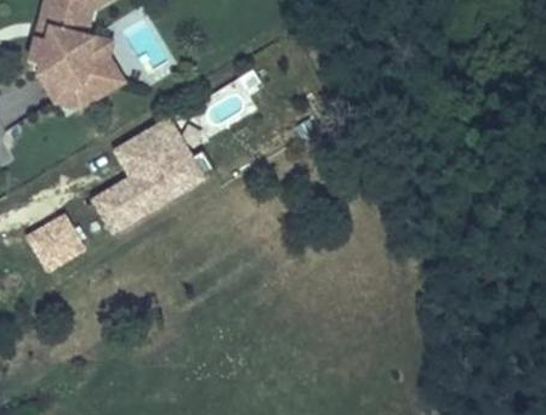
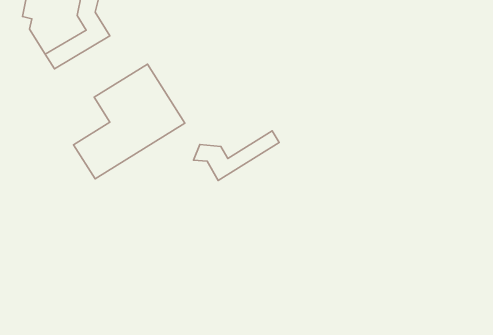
building: none -> [194,131,279,180]
building: [21,208,85,271] -> none

